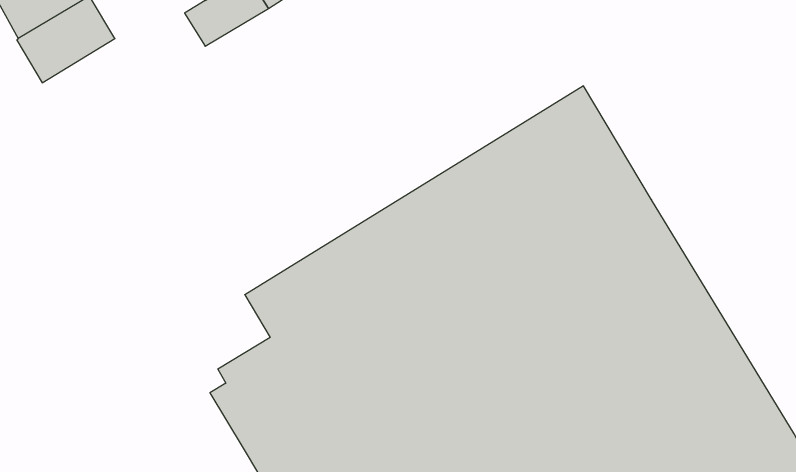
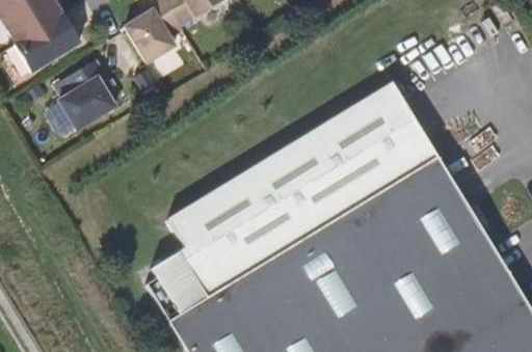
building: none -> [61,61,117,132]

